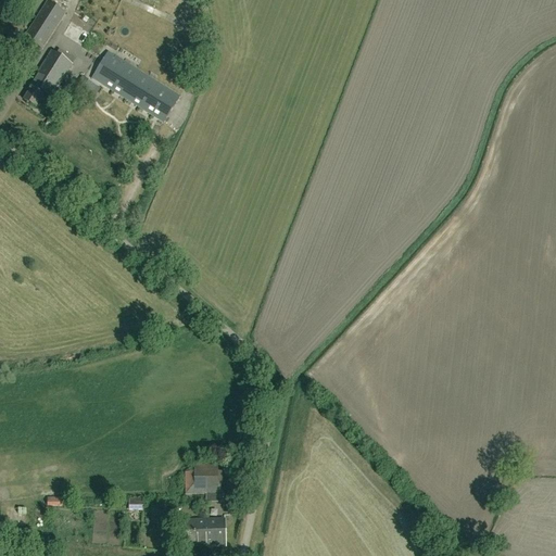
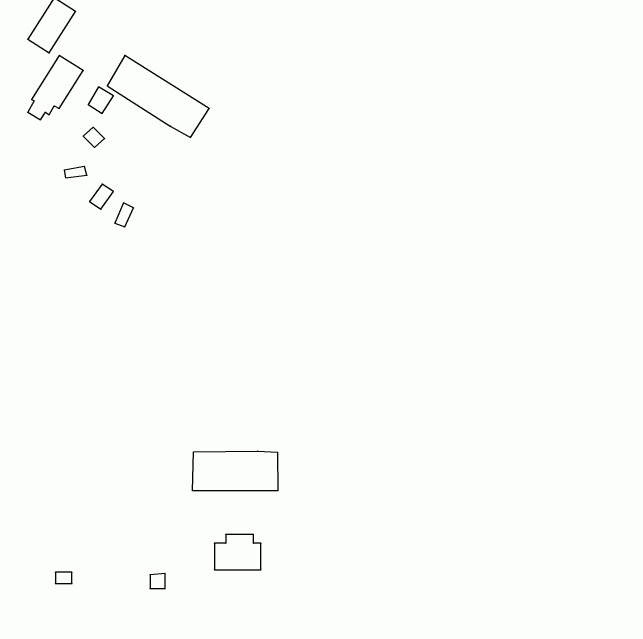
building: none -> [193,451,278,491]
building: [185,516,226,543] -> none

